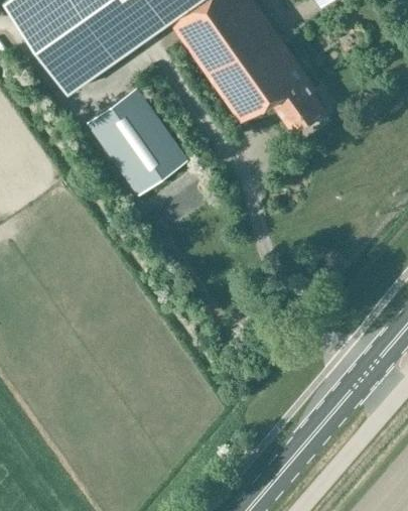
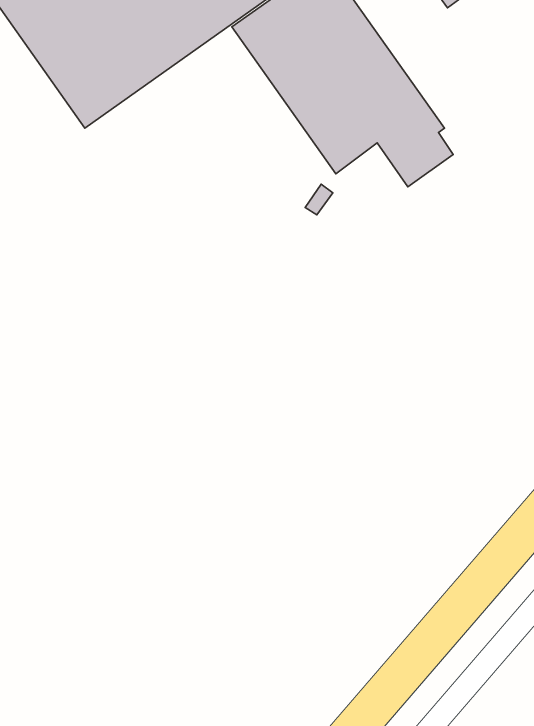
building: [90,89,185,191] -> none

